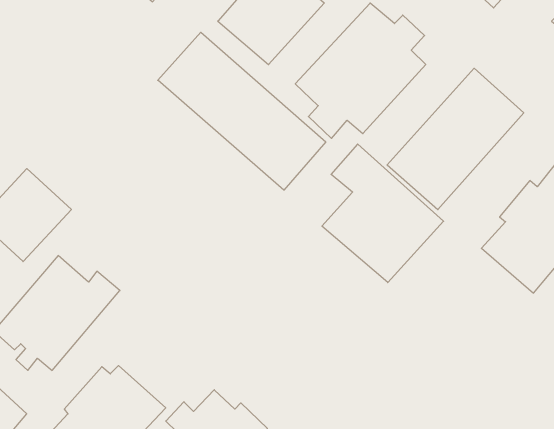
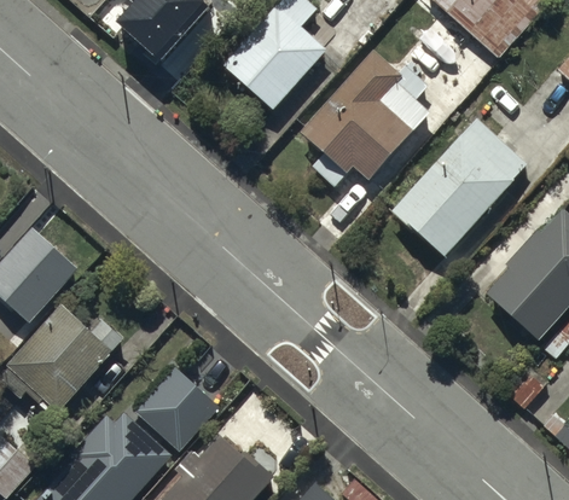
building: [158,32,326,190] -> none
building: [322,144,444,283] -> none
building: none -> [137,368,219,452]

